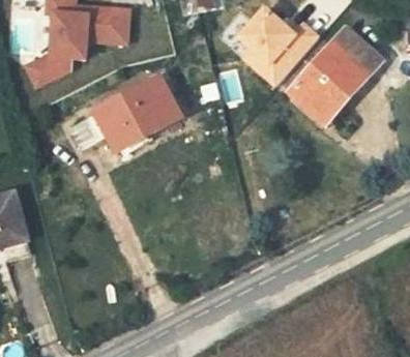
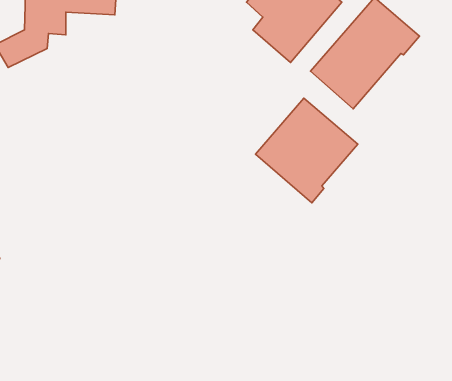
building: [89,76,184,146] -> none
building: none -> [255,98,358,203]

